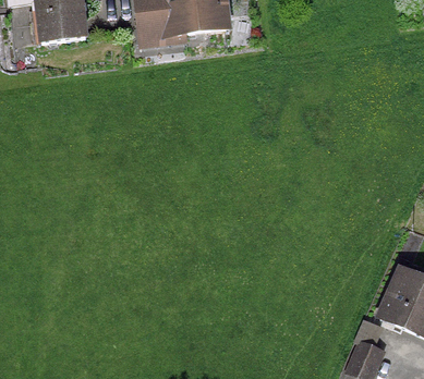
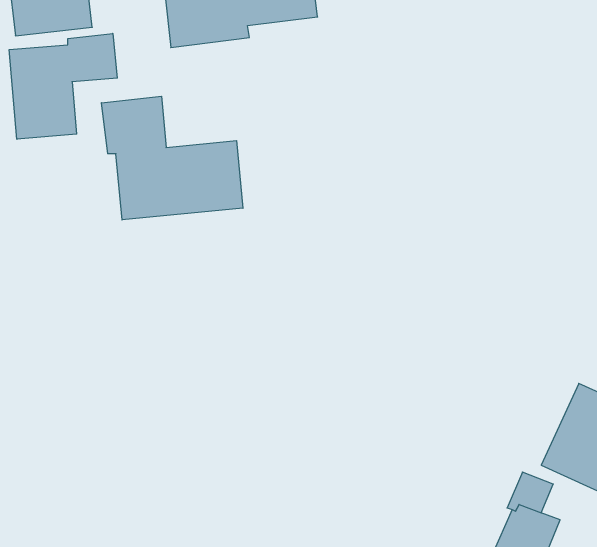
building: none -> [9,33,117,139]
building: none -> [101,96,243,220]

